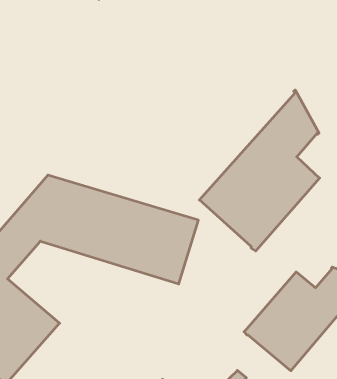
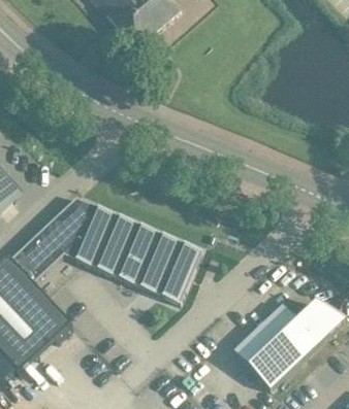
building: [199,90,320,251] -> none

